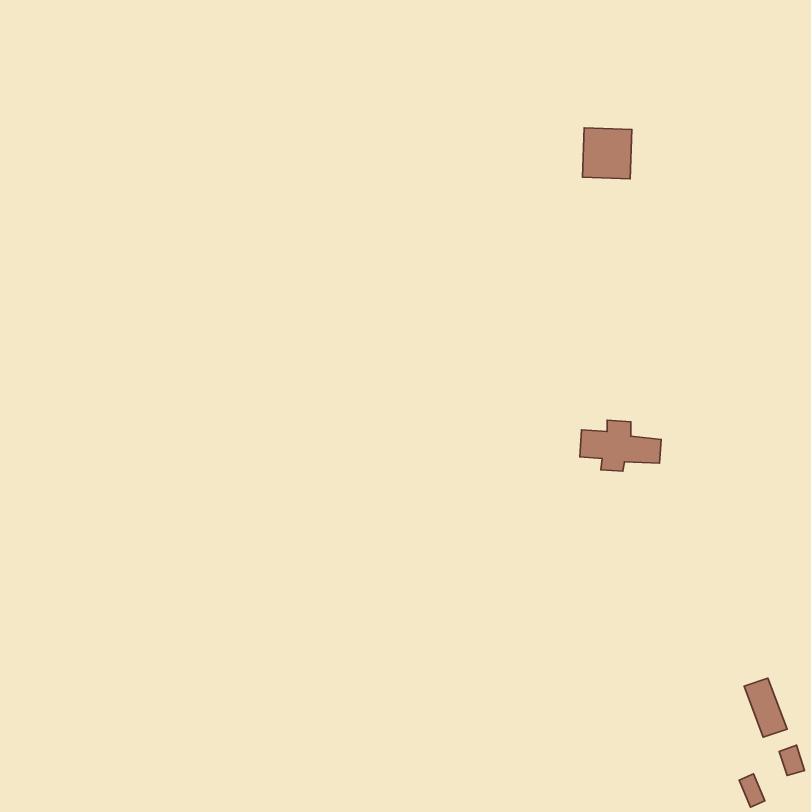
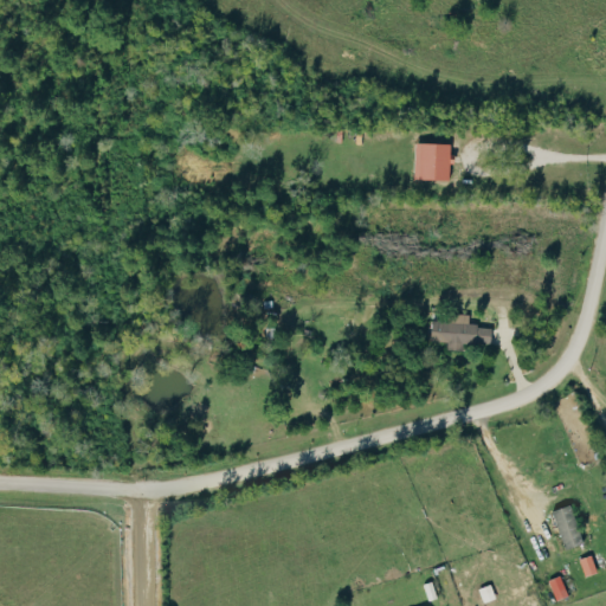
building: [582,128,632,179] -> [414,144,451,182]

